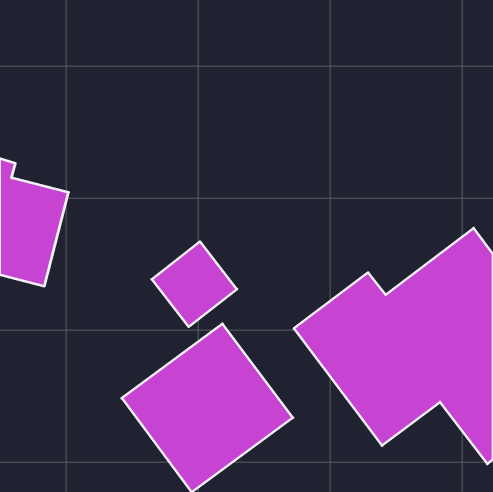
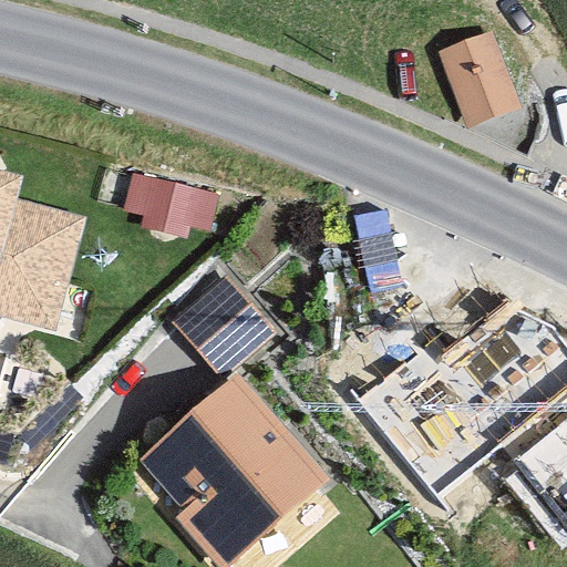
building: none -> [443,32,522,126]
building: none -> [124,171,219,236]

